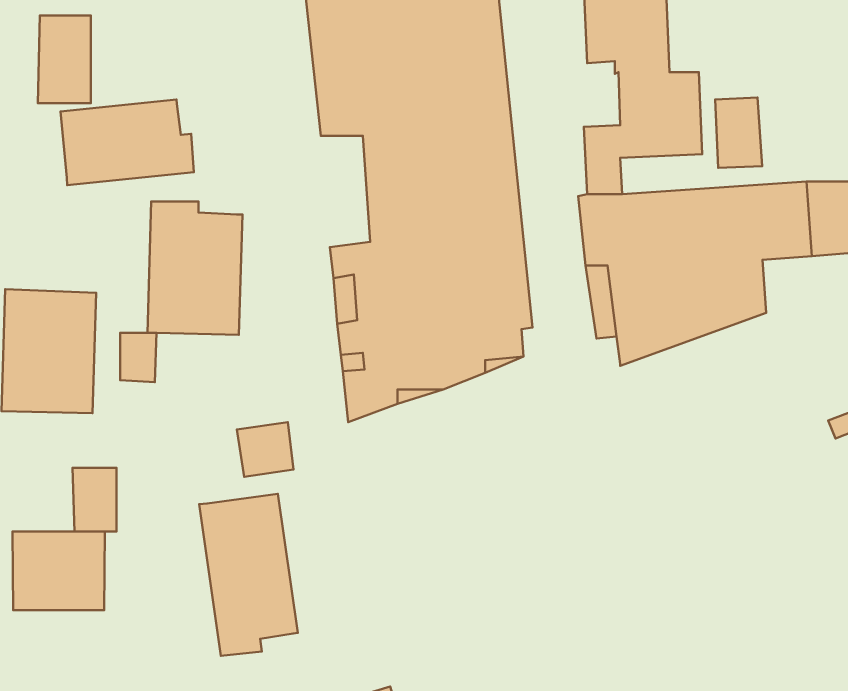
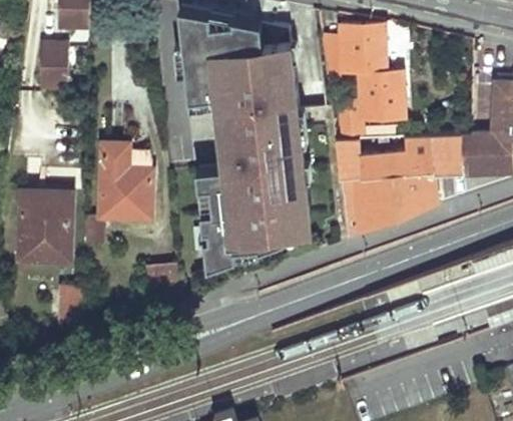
building: [715,97,762,168] -> none
building: [60,99,194,185] -> none
building: [199,494,298,656] -> none
building: [13,532,105,610] -> none

